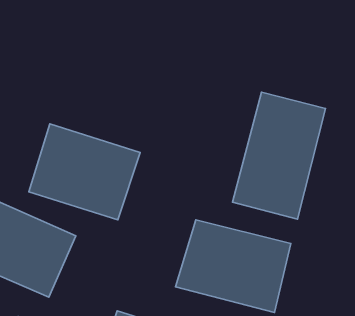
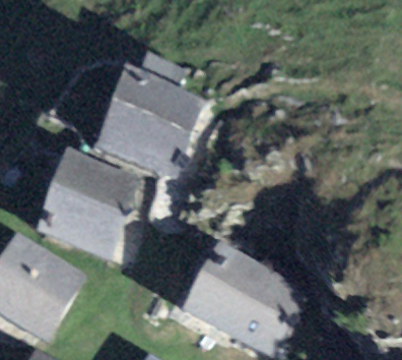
building: none -> [88,74,203,173]
building: [233,92,326,219] -> none

